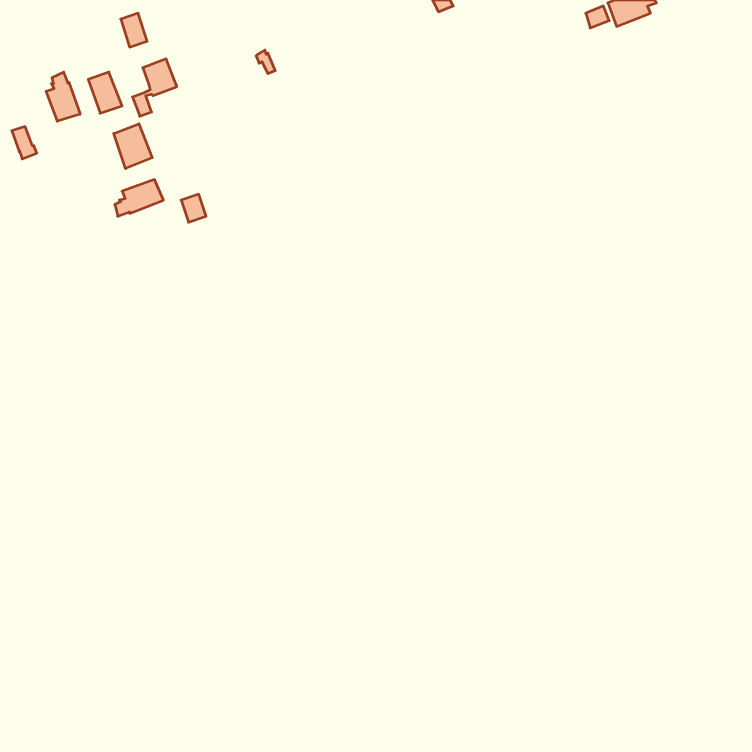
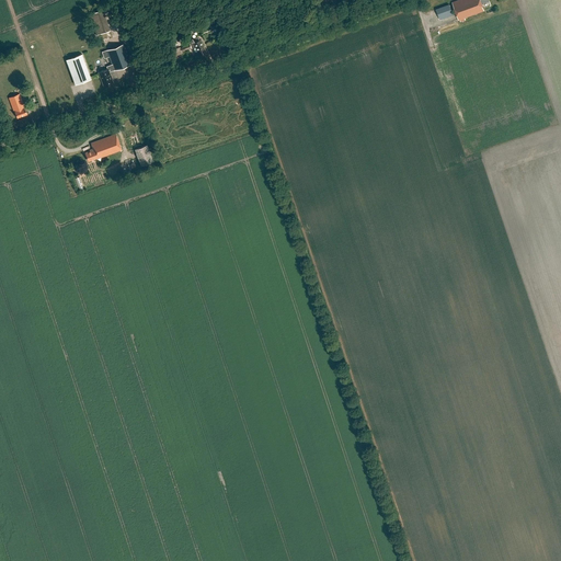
building: [46,72,80,121] -> none
building: [114,124,152,169] -> none

